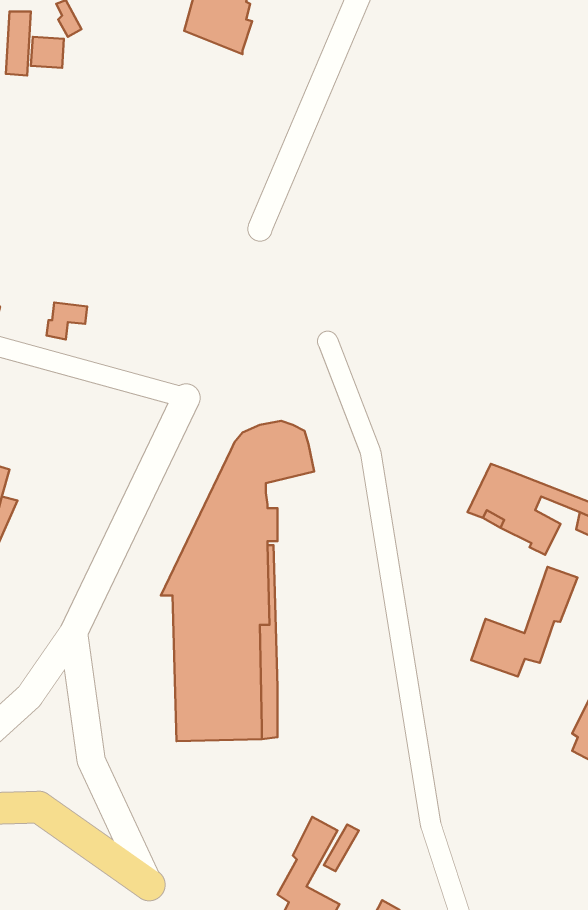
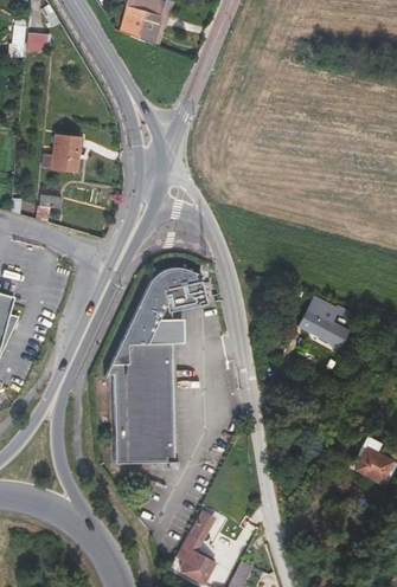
building: none -> [41,135,77,172]
building: [471,567,578,677] -> none

